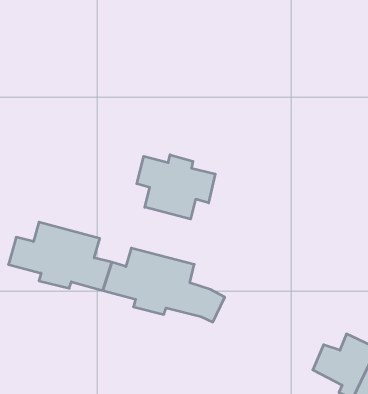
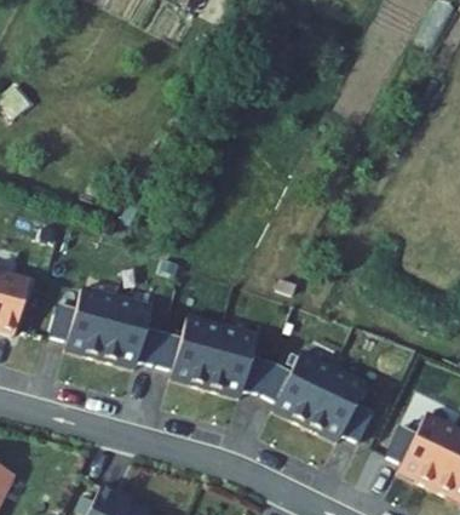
building: [137,155,215,219] -> none
building: none -> [276,350,372,437]

